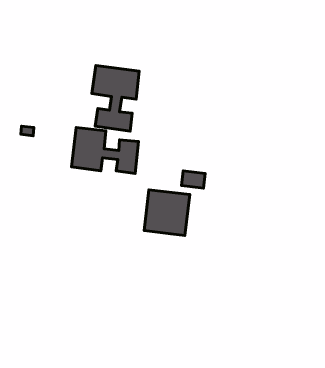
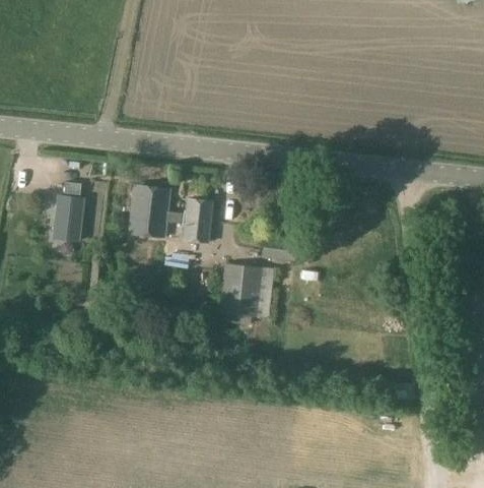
building: [92,66,139,131] -> none
building: none -> [58,196,86,242]

